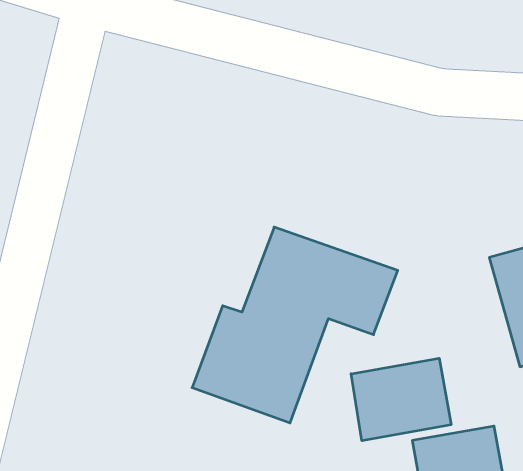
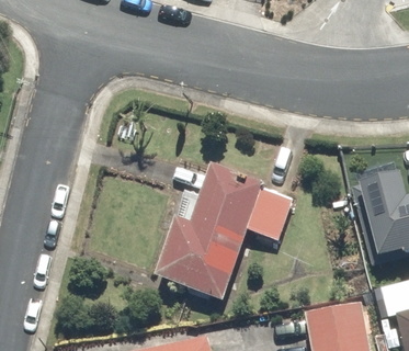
building: [351,358,451,441] -> none

